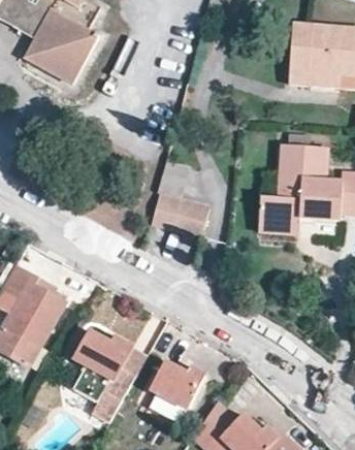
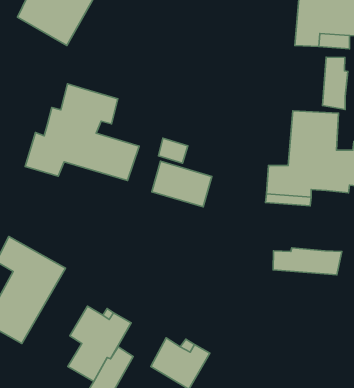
building: none -> [322,57,348,110]
building: none -> [25,84,139,180]
building: none -> [273,248,342,275]

